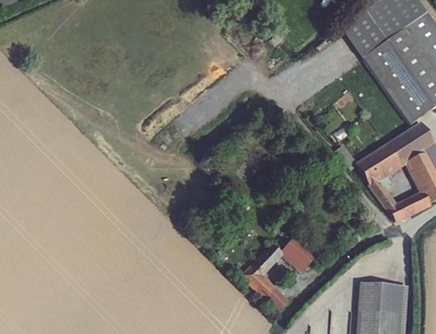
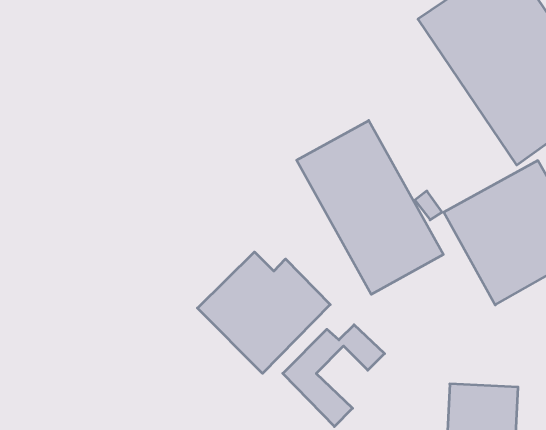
building: none -> [297,120,443,294]
building: none -> [197,252,330,373]

